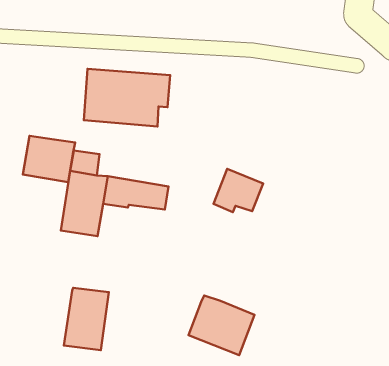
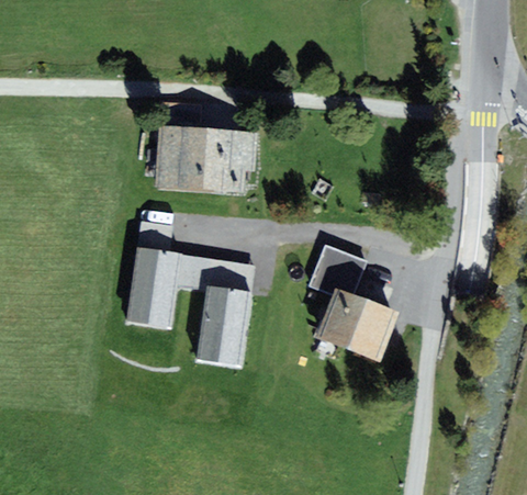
building: [23,136,75,182] -> none
building: [64,288,109,350] -> [197,288,250,362]
building: [188,295,255,355] -> [316,289,395,360]

